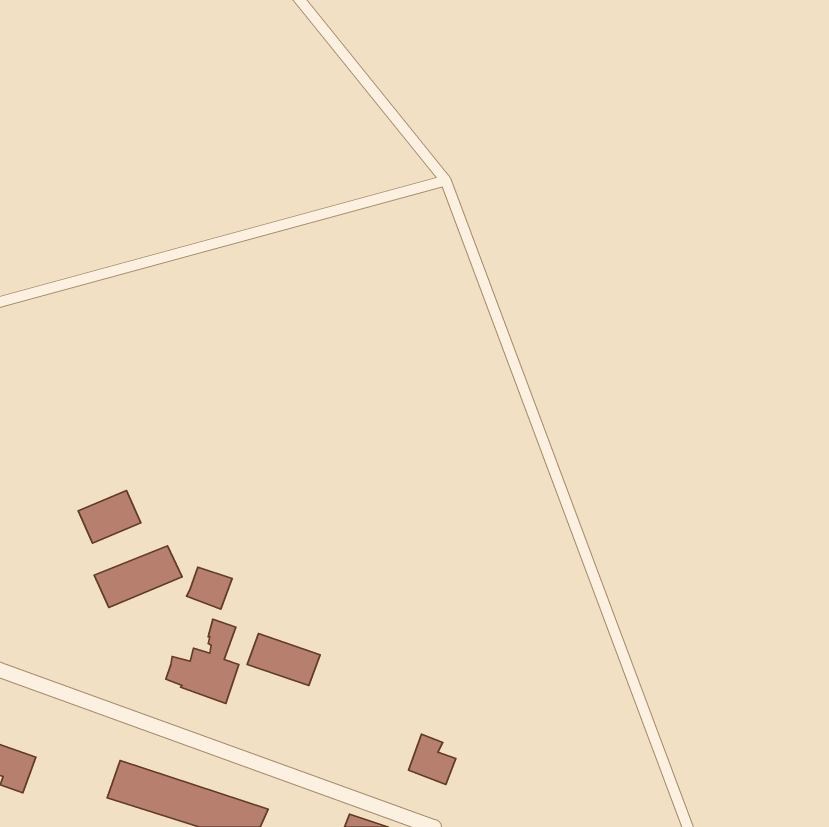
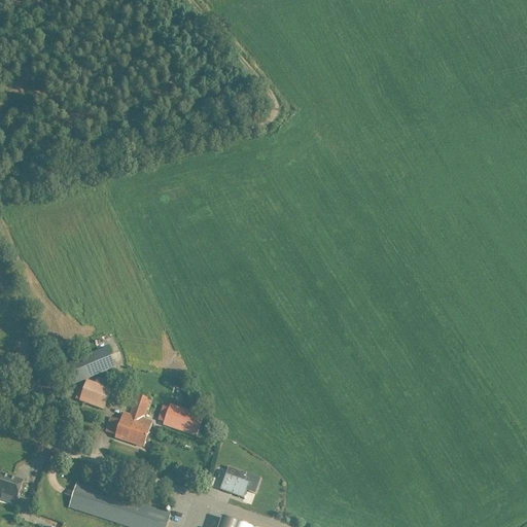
building: [78,490,141,543] -> none
building: [187,567,232,609] -> [80,382,109,409]
building: [409,734,456,785] -> [219,465,249,497]

